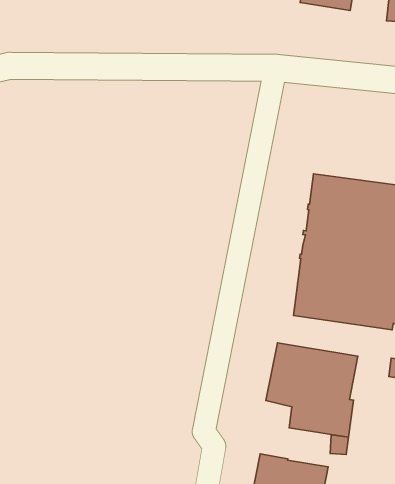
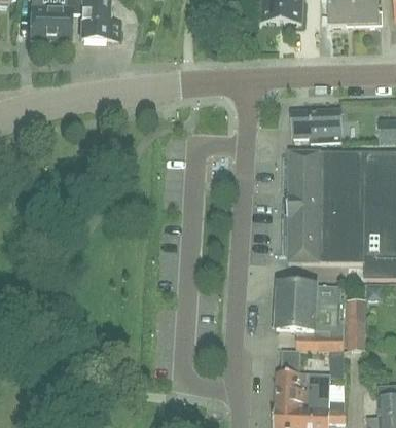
building: none -> [291,107,340,140]
building: none -> [347,296,364,348]

